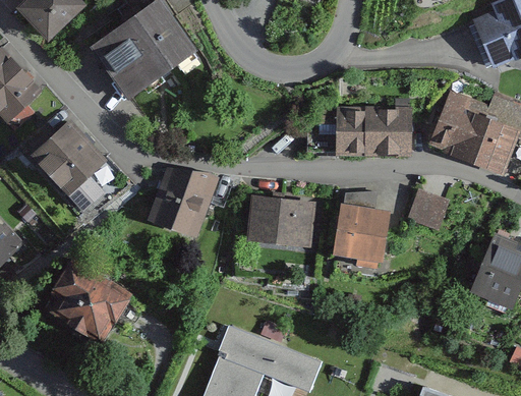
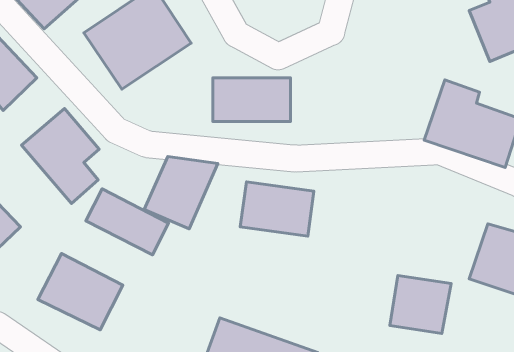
building: [333,110,410,154] -> [213,78,291,122]
building: [408,187,450,228] -> none
building: none -> [86,189,169,255]
building: [329,205,390,263] -> [390,275,451,334]

